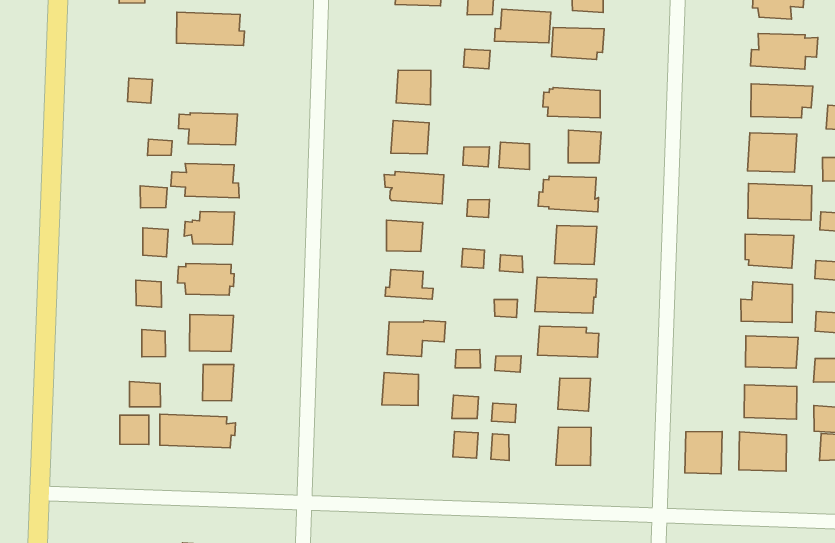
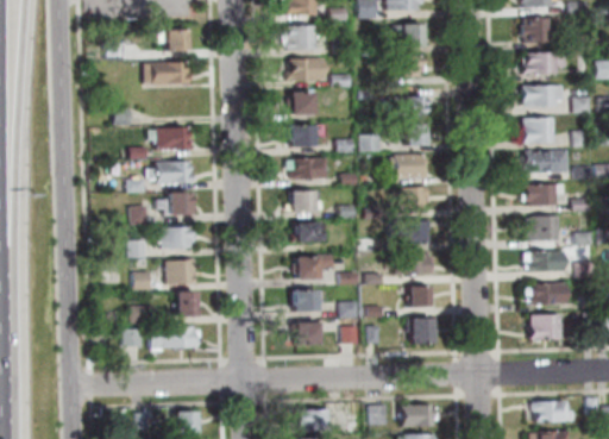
building: [494,9,551,43] -> [290,59,326,81]
building: none -> [297,324,325,345]
building: [685,431,722,474] -> none

